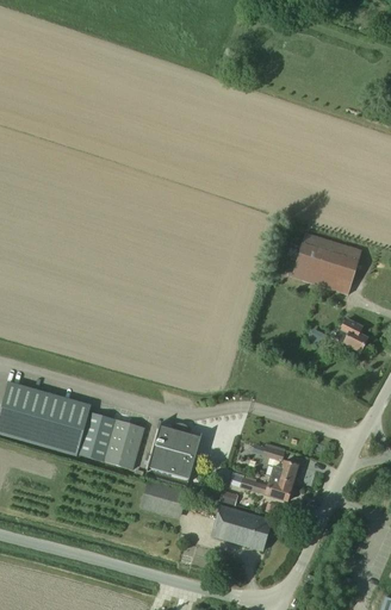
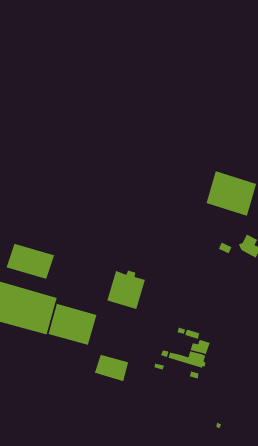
building: none -> [6,243,55,280]
building: [147,421,203,481] -> [106,268,147,312]
building: [211,504,271,549] -> none

